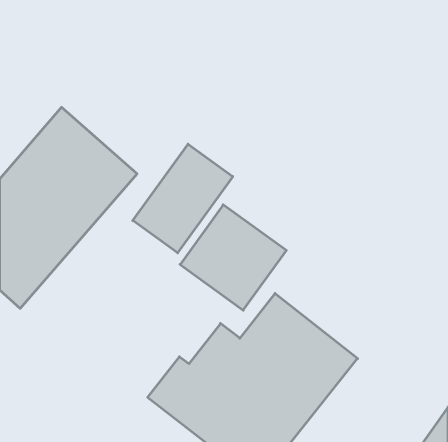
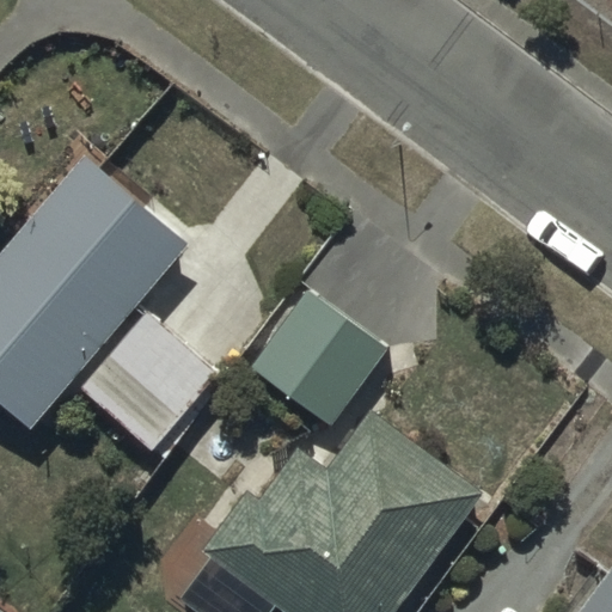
building: [133,144,233,253] -> none
building: none -> [79,314,219,454]

